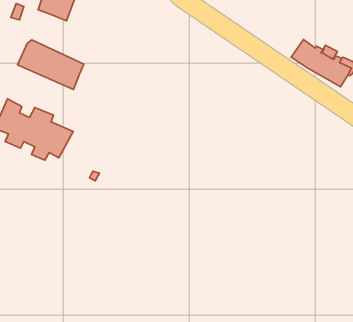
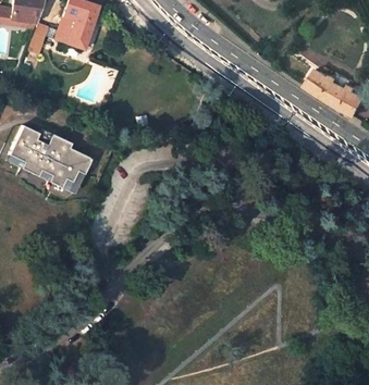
building: [18,40,84,90] -> none

